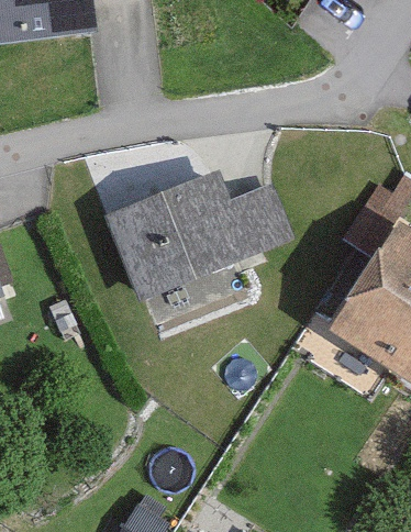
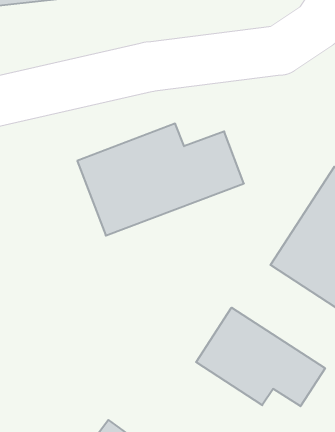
building: none -> [196,308,325,406]

